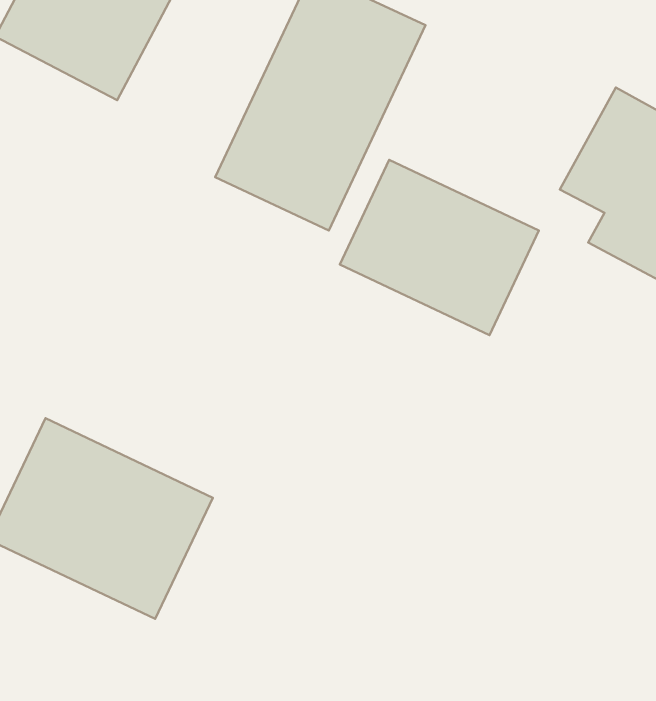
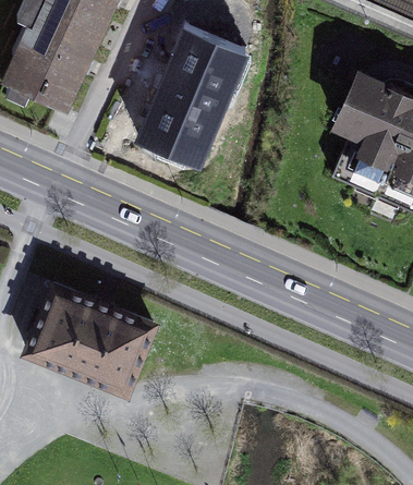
building: [340,160,539,335] -> none

